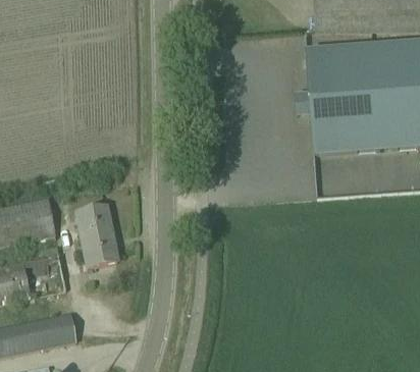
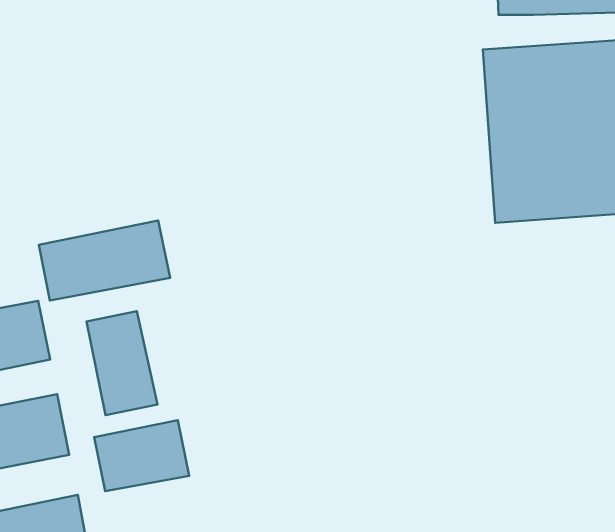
building: none -> [39,220,170,301]
building: none -> [94,420,189,491]

